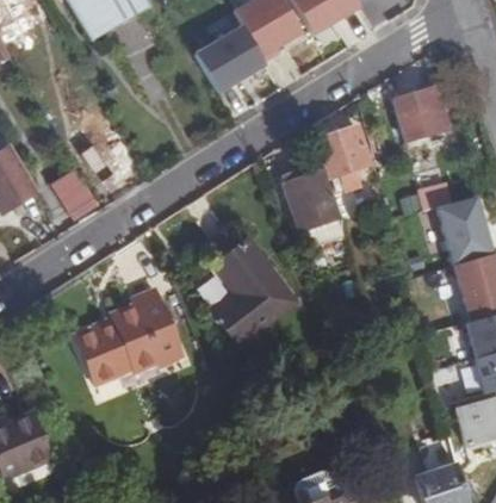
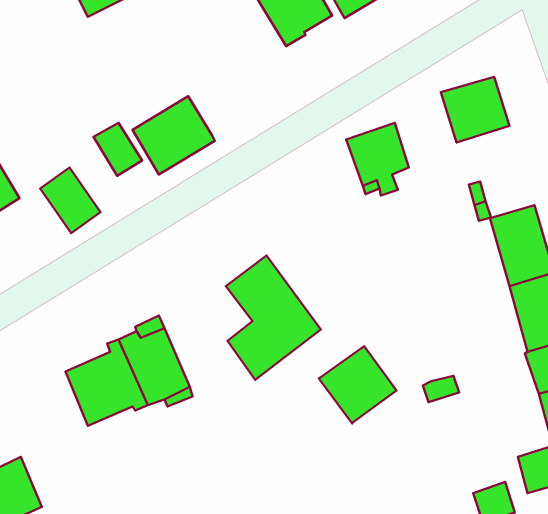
building: [193,27,264,94] -> [132,96,215,174]
building: [284,168,336,241] -> none
building: none -> [319,346,396,423]

